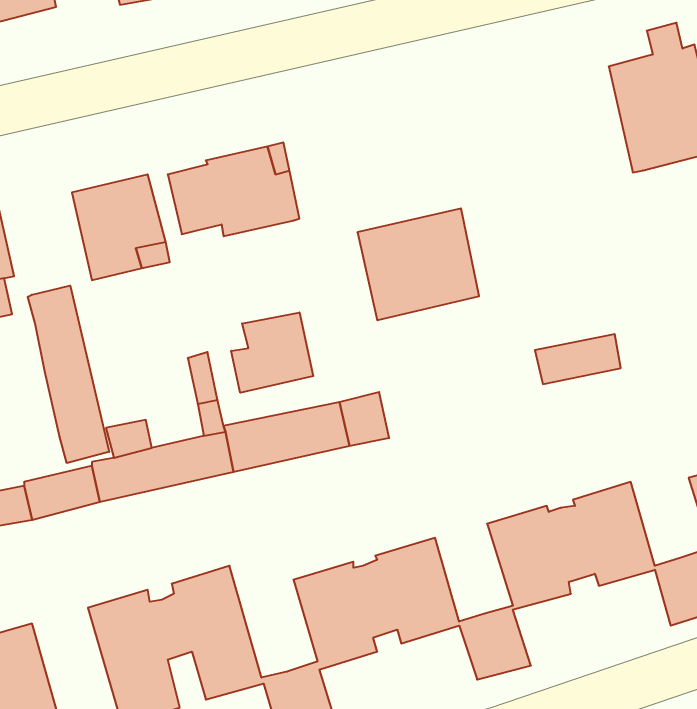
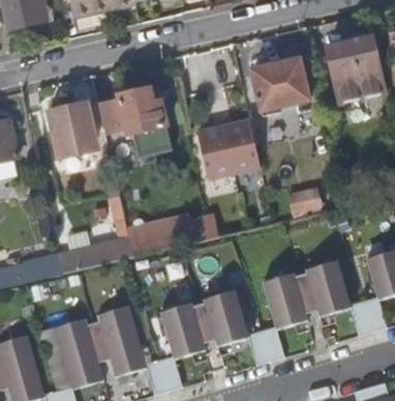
building: none -> [251,61,294,110]
building: [28,286,109,463] -> none
building: [231,312,313,393] -> none

